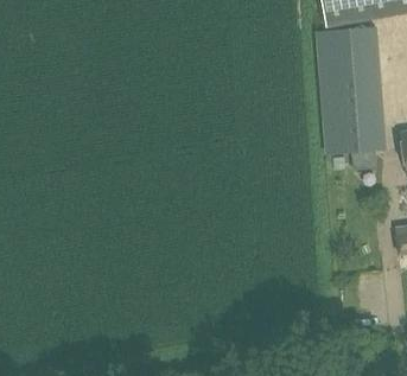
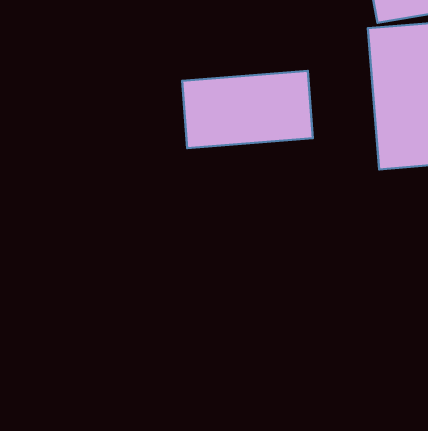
building: none -> [182,71,313,148]

